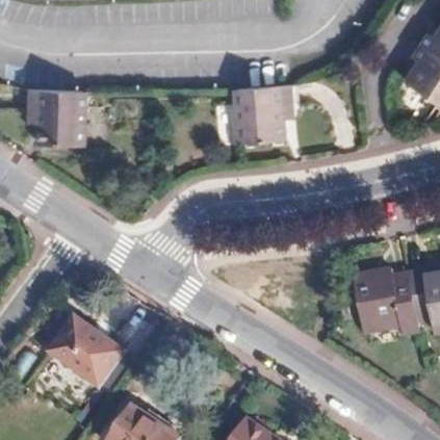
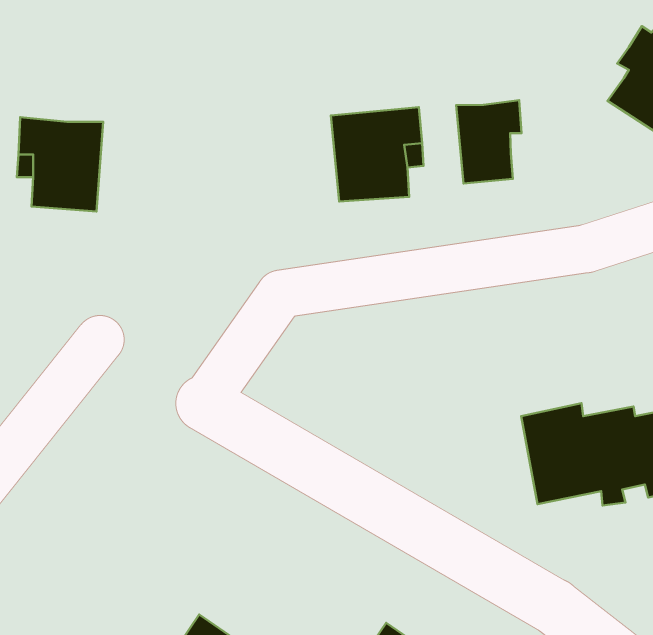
building: none -> [456,100,521,183]
building: [58,318,137,391] -> none

